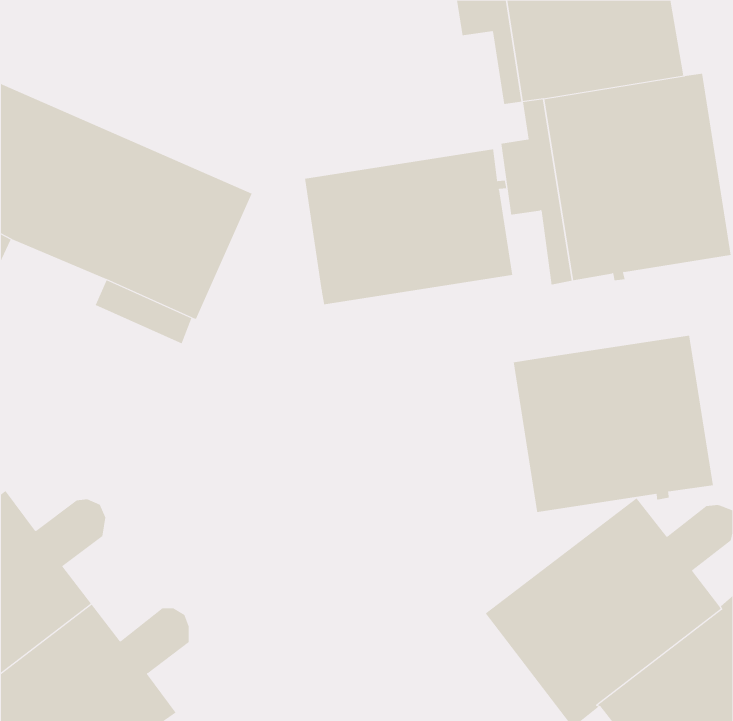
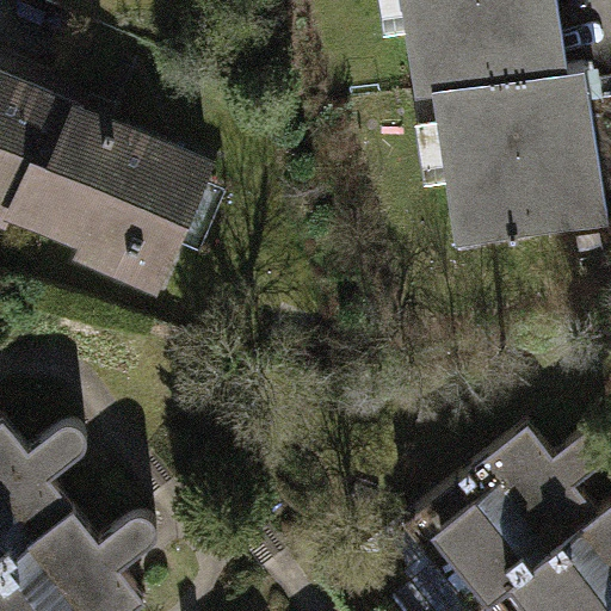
building: [304,148,513,305] -> none
building: [513,335,713,513] -> none

